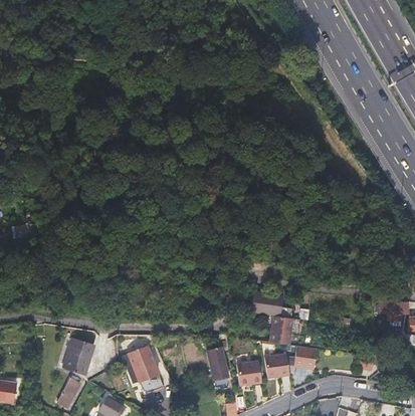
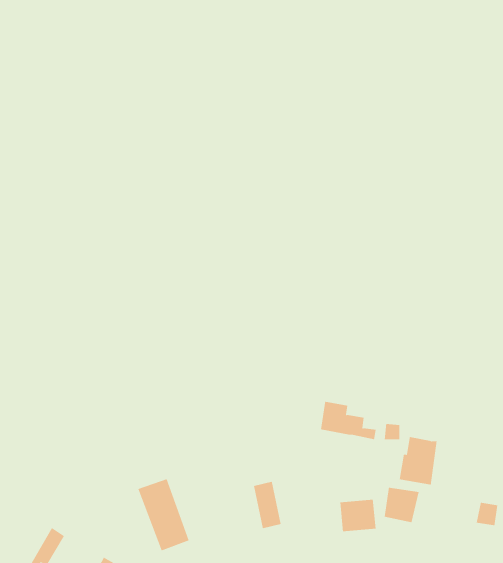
building: [268,316,294,349] -> [399,436,437,485]
building: [64,339,93,373] -> none
building: [238,365,263,388] -> none

